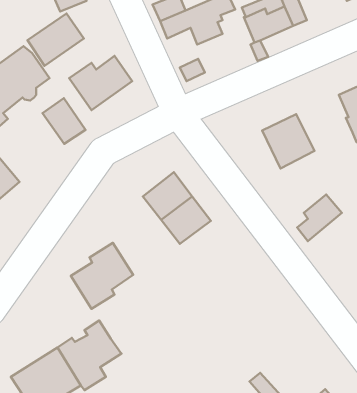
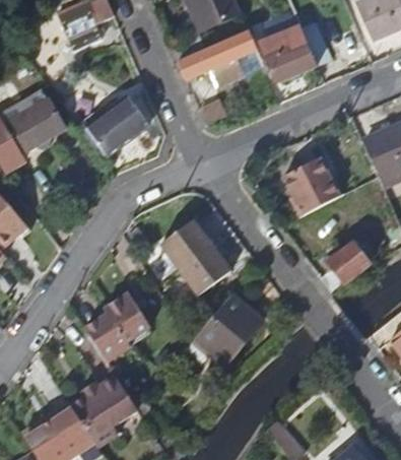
building: [28,13,84,66] -> none
building: [42,98,85,144] -> none
building: none -> [196,294,262,363]

